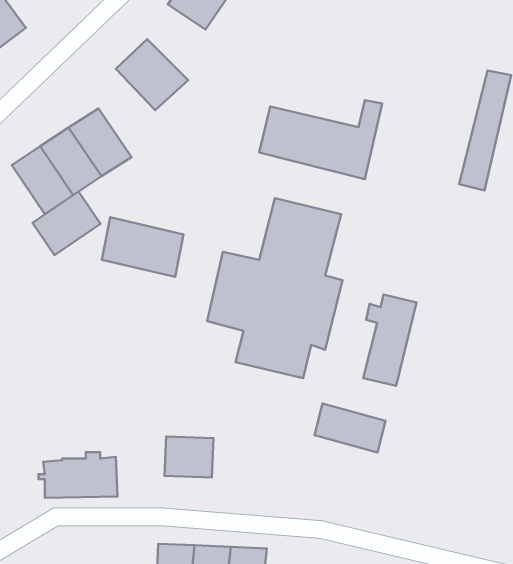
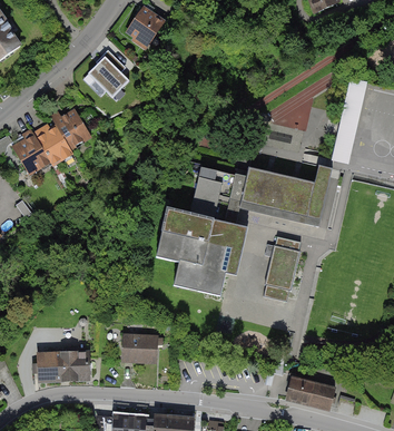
building: [259,100,382,179] -> [243,165,329,221]
building: [32,192,101,255] -> none
building: [102,217,183,277] -> none
building: [315,404,386,452] -> [285,374,335,409]

